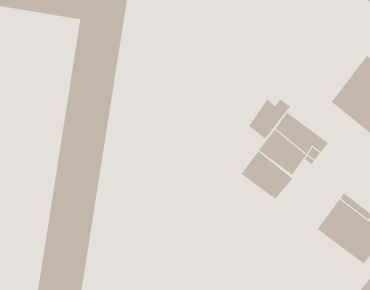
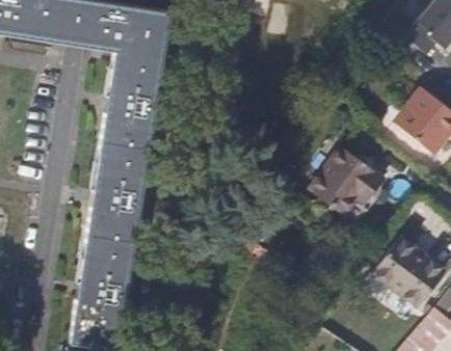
building: [249,99,291,139] -> none
building: [240,151,293,200] -> none

